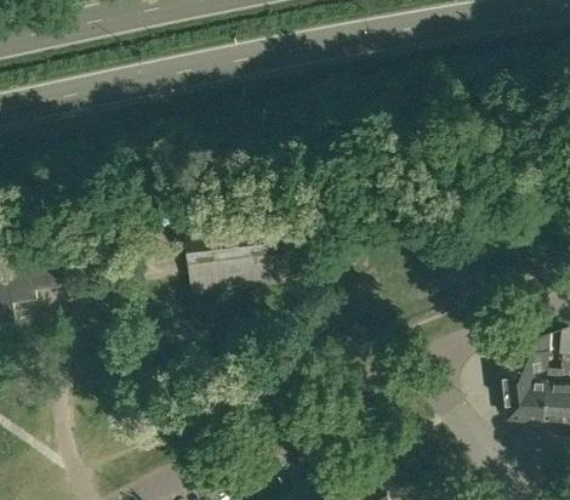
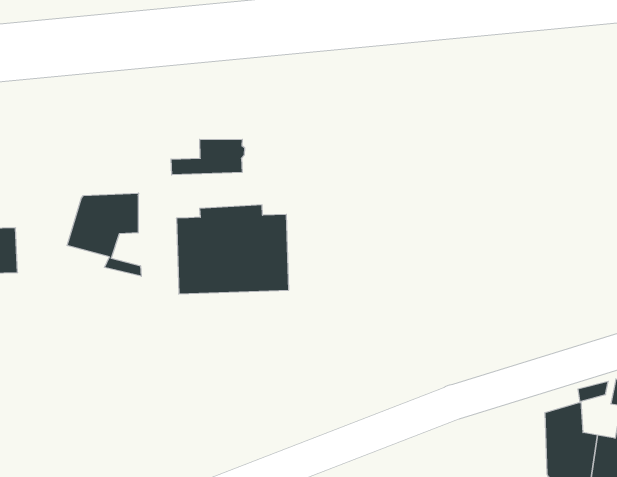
building: none -> [171,139,244,175]
building: none -> [67,193,141,276]

